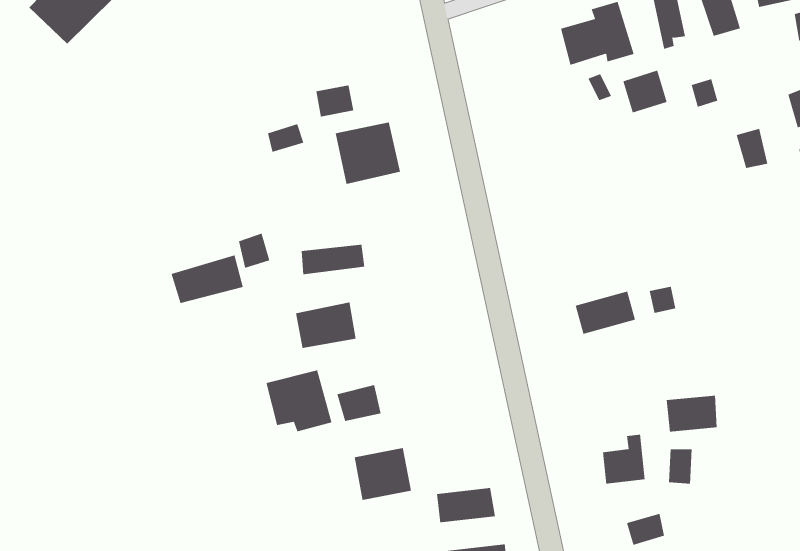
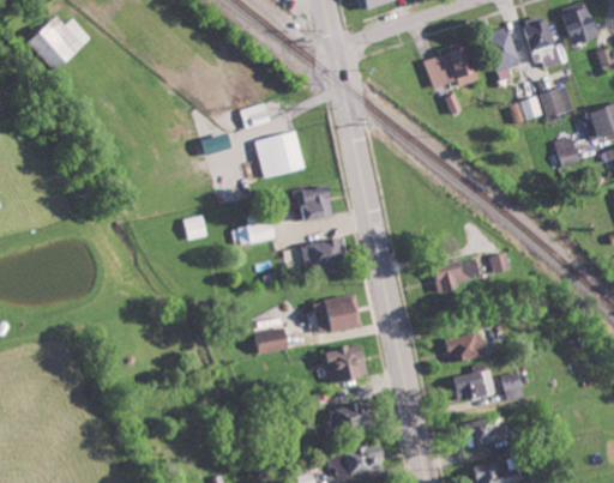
building: [622,70,668,113] -> [537,86,571,119]
building: none -> [295,183,333,221]
building: [171,255,244,304] -> none
building: [295,302,357,349] -> [301,236,347,271]
building: none -> [313,294,361,333]
building: [266,370,332,432] -> none
building: [666,395,717,432] -> [444,333,482,361]
building: [354,447,412,501] -> [324,344,367,384]

